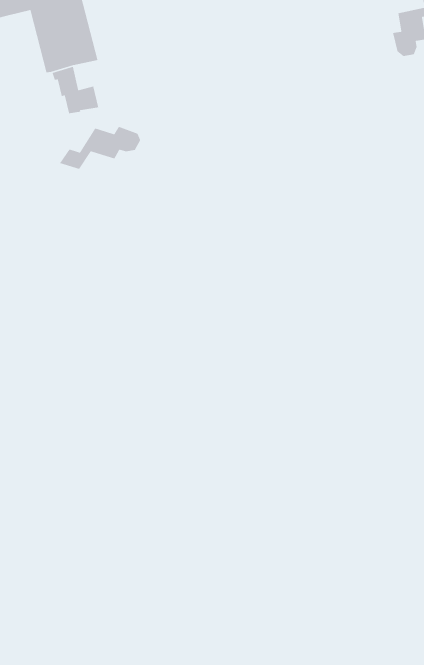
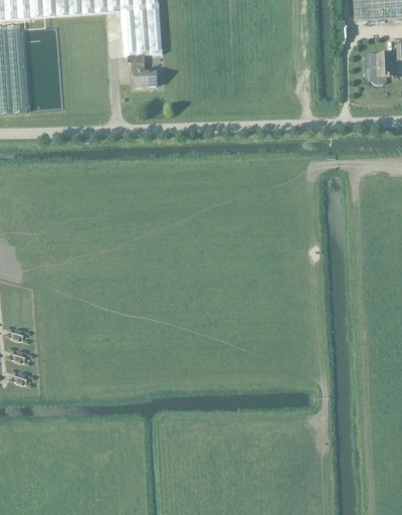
building: [59,126,141,170] -> none

